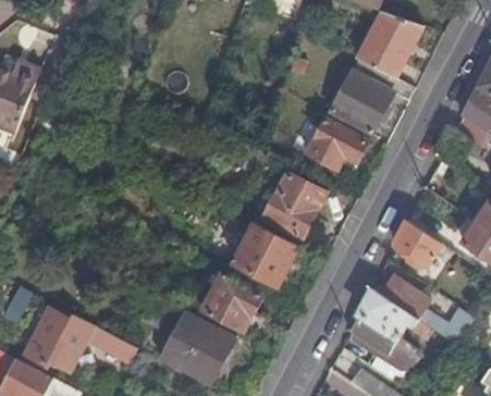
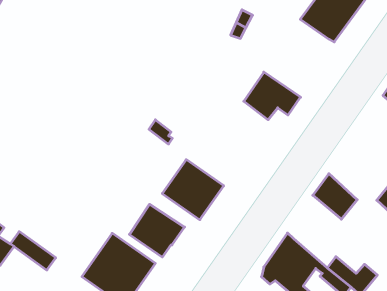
building: [331,71,415,134] -> none
building: [262,172,327,239] -> none
building: [380,274,431,319] -> none

